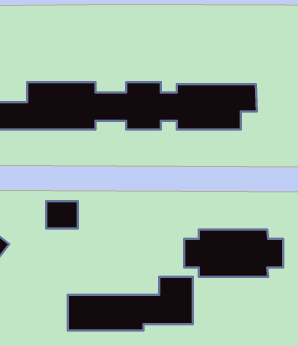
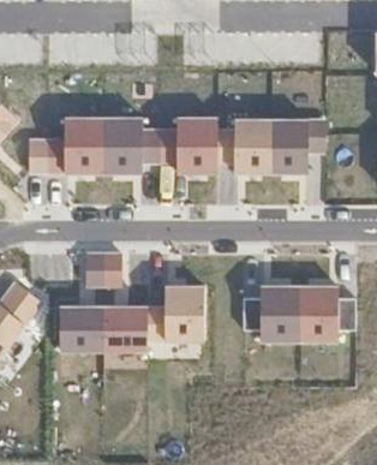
building: [68,277,193,331] -> [59,287,202,348]

